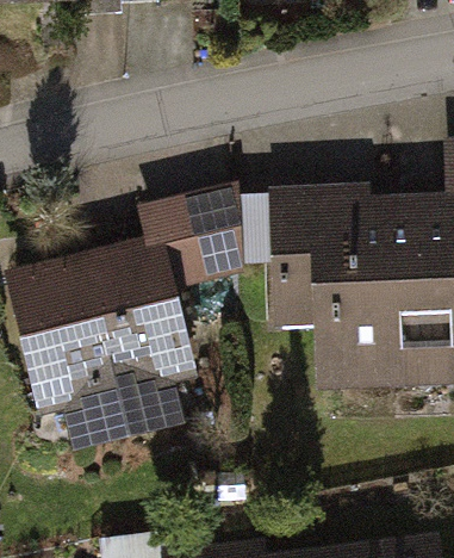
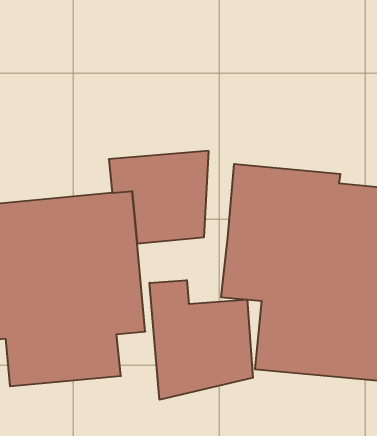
building: none -> [150,280,253,400]

